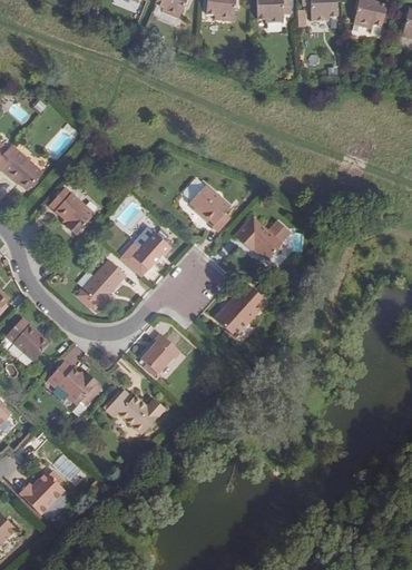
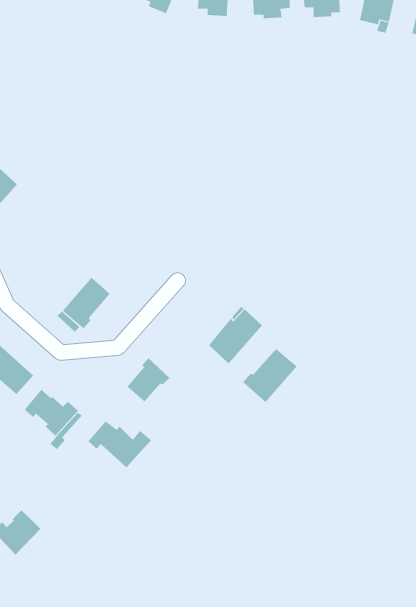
building: [185,180,232,233] -> none
building: [49,188,94,235] -> none
building: [235,218,282,261] -> none
building: [133,234,171,271] -> none
building: none -> [242,348,297,403]

